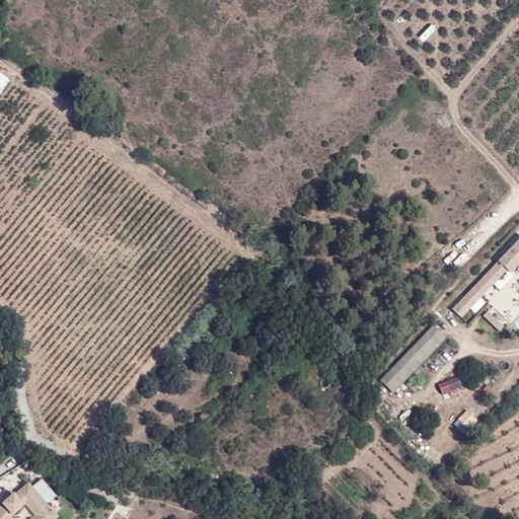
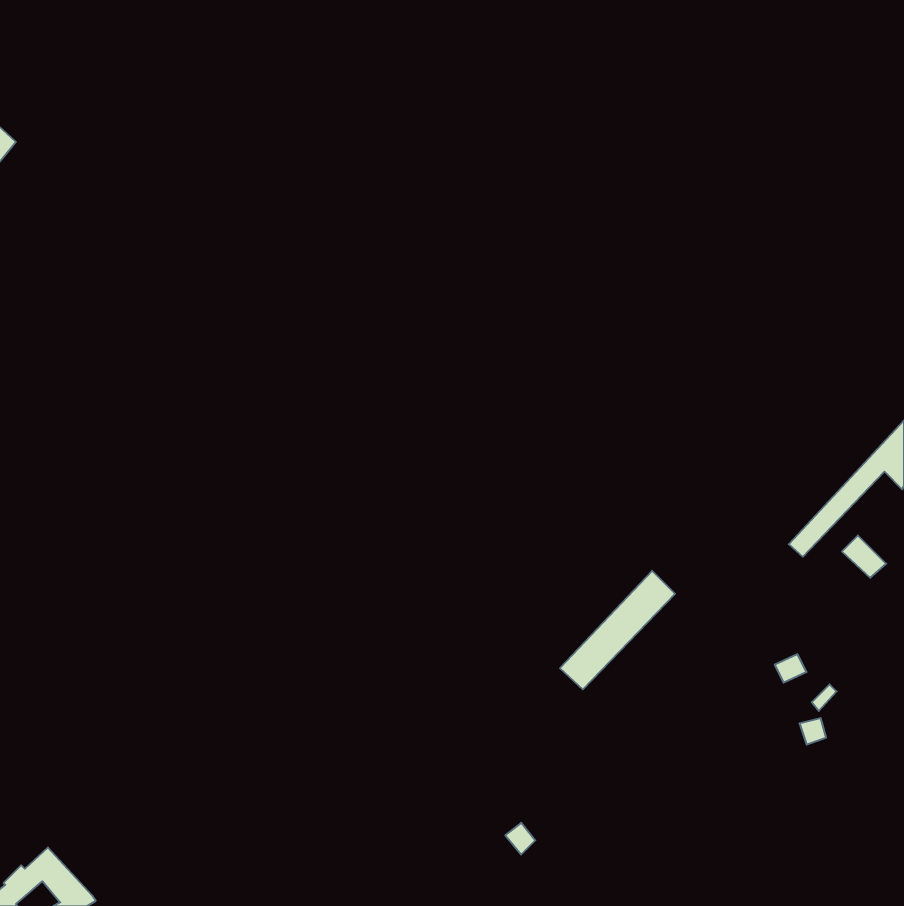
building: [379,325,445,393] -> [560,571,675,689]

